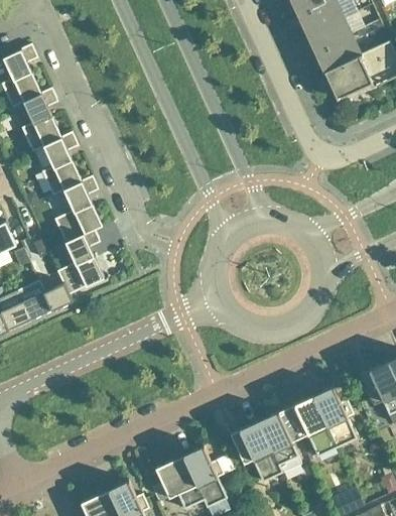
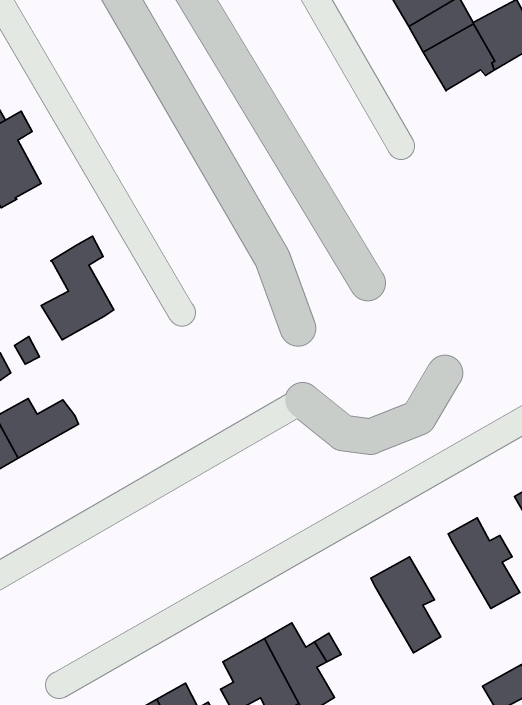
building: [41,133,81,197] -> none
building: [56,231,104,295] -> none
building: [285,396,337,458] -> none
building: [229,421,282,483] -> none

